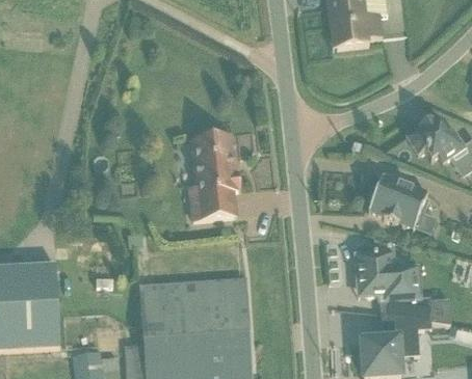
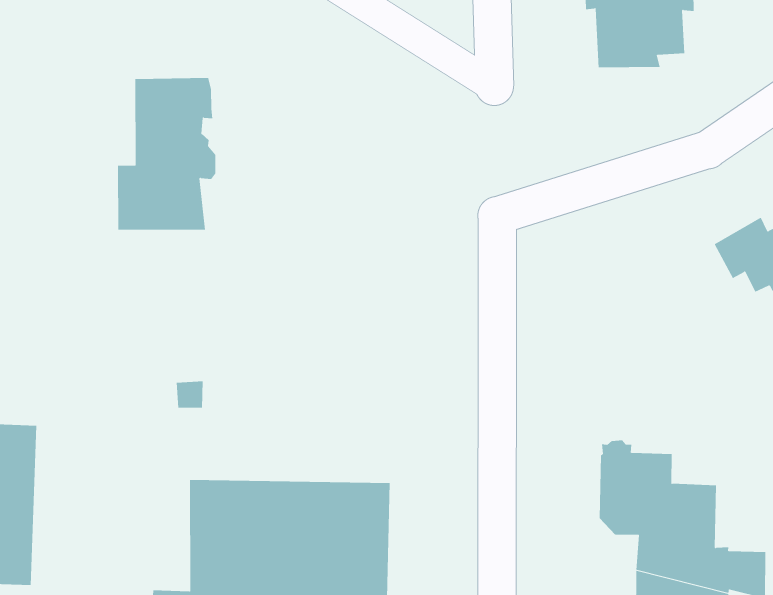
building: [187,134,240,219] -> [117,77,216,230]
building: [368,172,436,231] -> none

